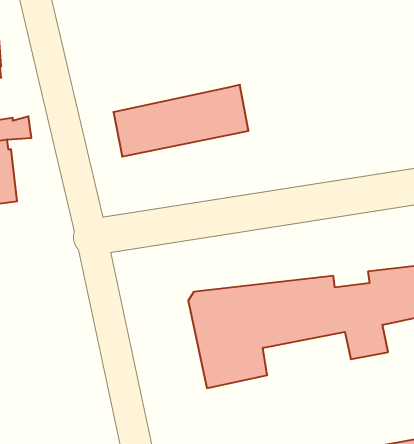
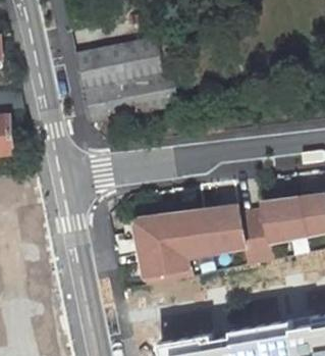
building: none -> [75,36,164,89]

